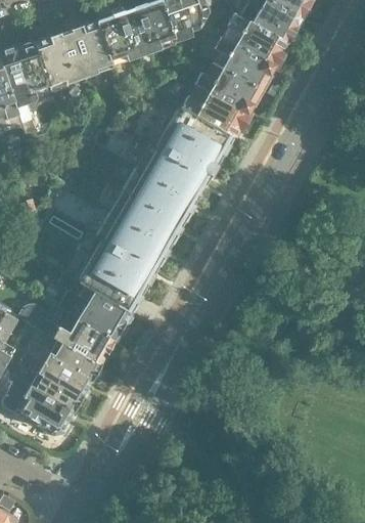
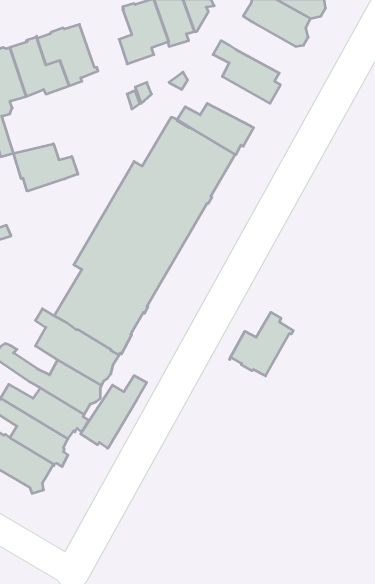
building: [96,9,142,61] -> none
building: [226,12,286,67] -> none
building: [194,63,264,113] -> none
building: none -> [13,144,78,191]
building: none -> [230,312,293,376]
building: none -> [81,376,147,448]

